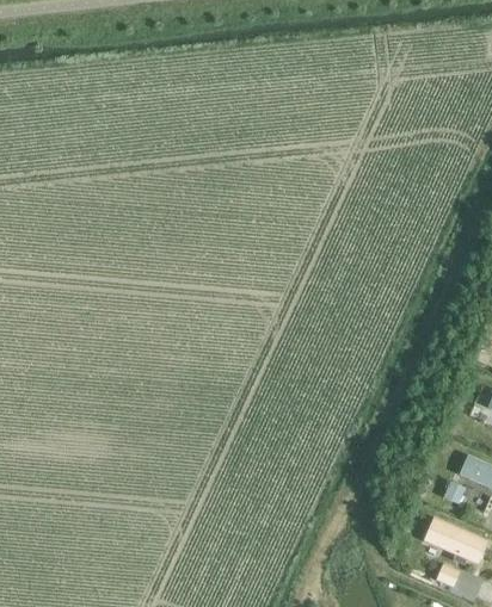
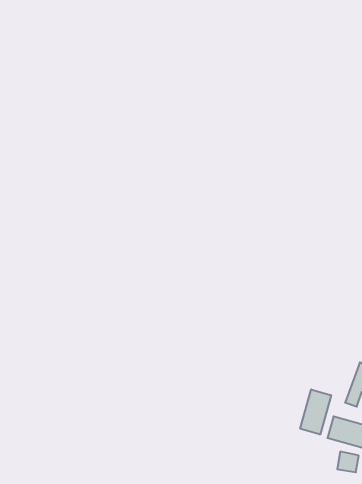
building: none -> [300,389,331,435]

